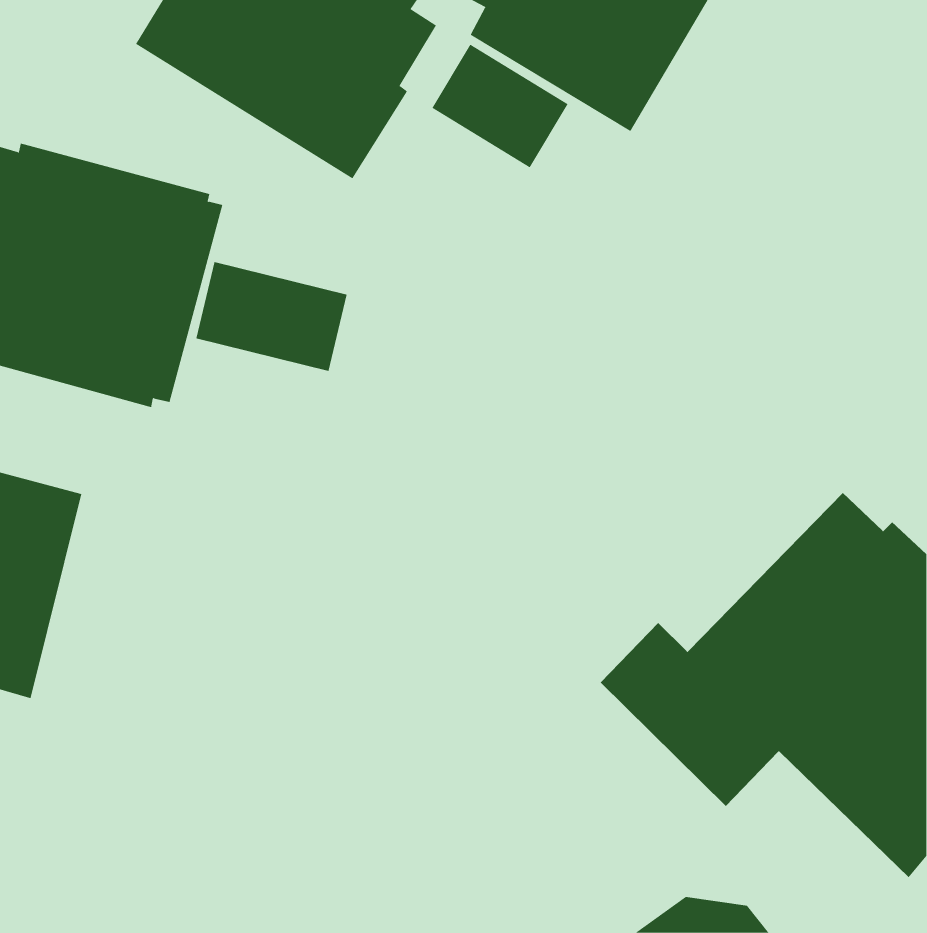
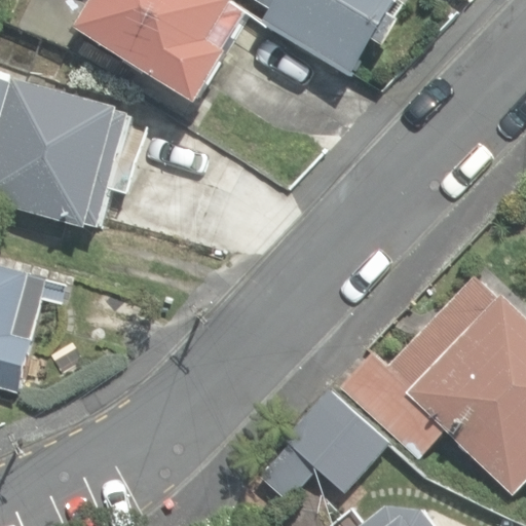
building: none -> [257,390,387,500]

